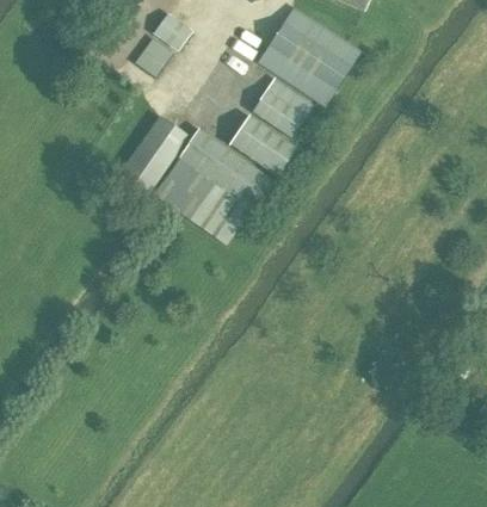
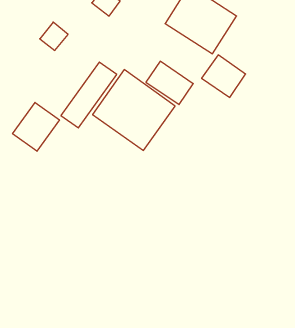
building: [135,36,175,76] -> [40,22,68,50]
building: [252,76,315,137] -> [202,55,246,97]
building: none -> [13,102,59,151]

